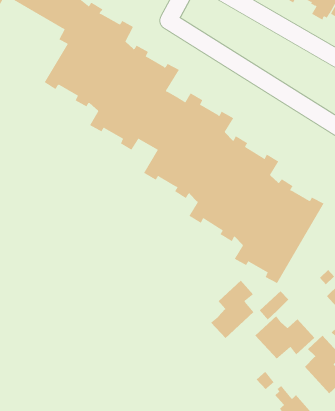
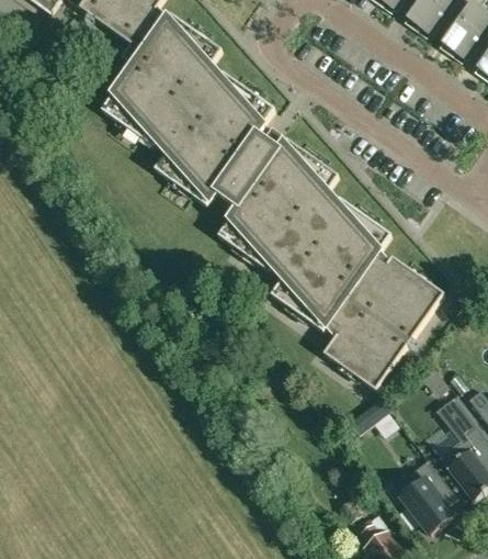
building: [210,280,254,339] -> none
building: [254,315,315,360] -> none

